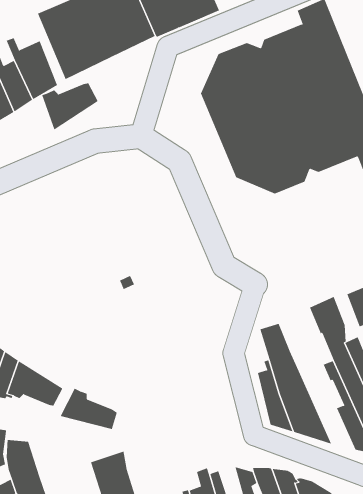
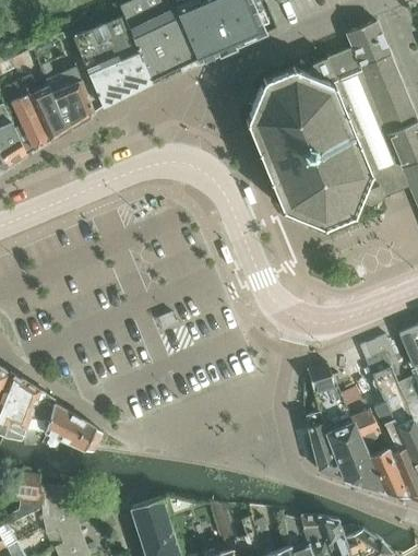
building: [42,82,99,130] -> none
building: none -> [341,387,408,496]
building: [60,388,117,430] -> none

